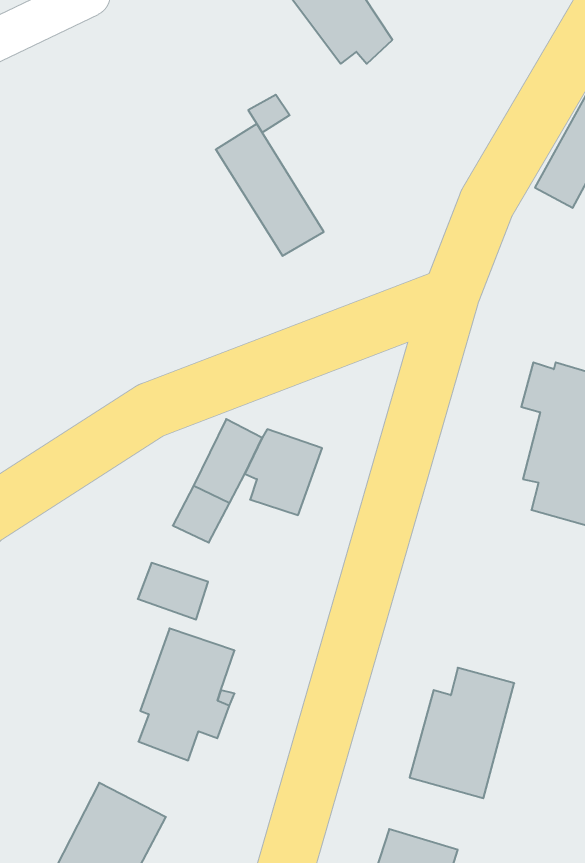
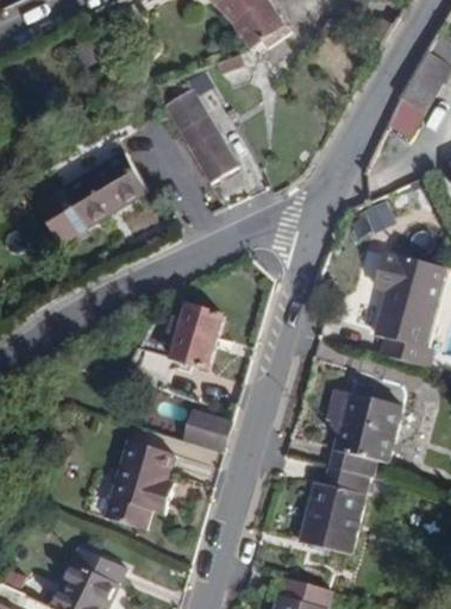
building: none -> [36,147,146,241]
building: none -> [331,391,405,477]
building: [138,563,208,620] -> [183,410,232,450]

